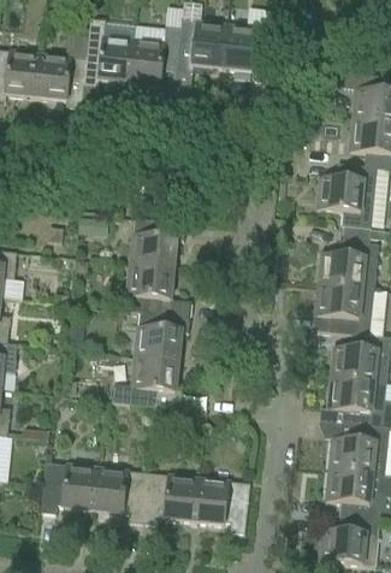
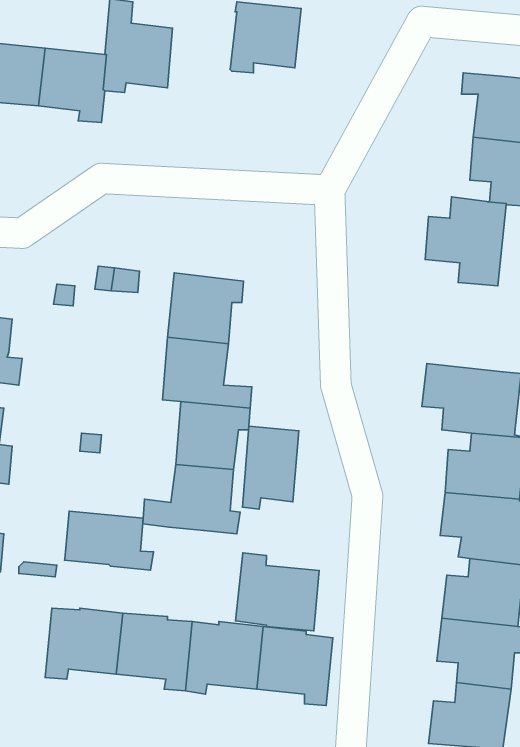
building: [129,25,179,99] -> none
building: [221,25,272,79] -> none
building: [318,240,378,290] -> none
building: none -> [242,426,299,509]
building: none -> [64,511,153,570]
building: none -> [236,553,319,631]

